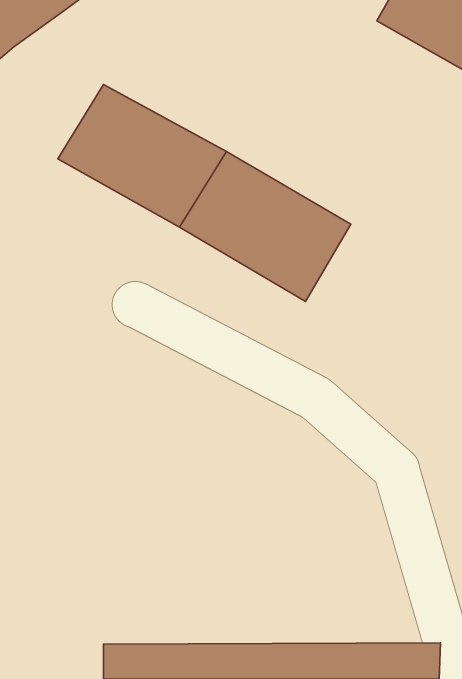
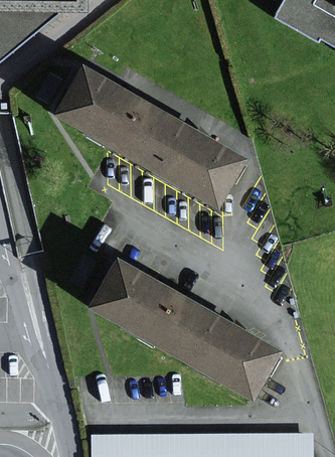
building: none -> [92,263,273,396]

